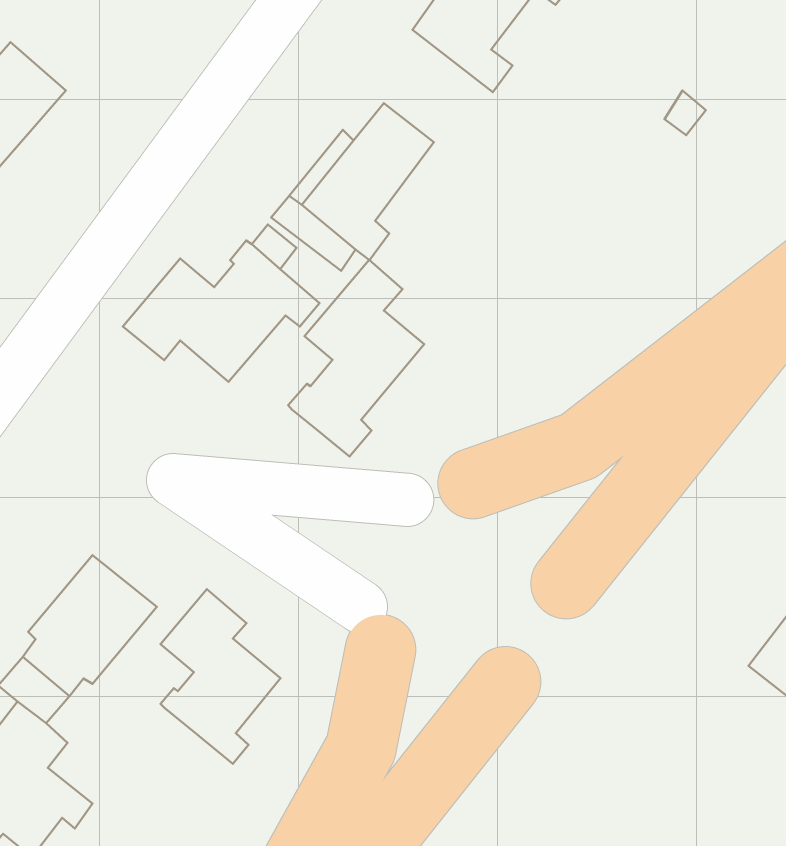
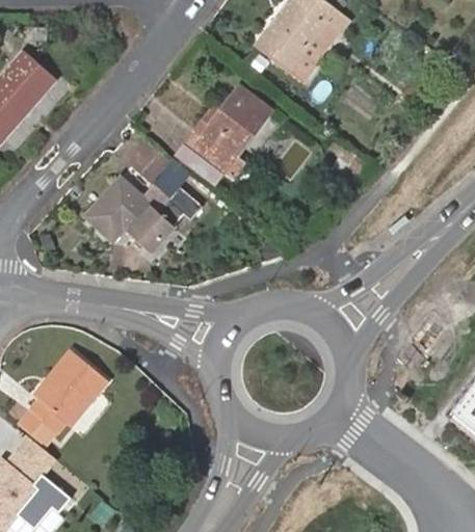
building: [288,260,424,456] -> none
building: [160,589,281,764] -> none

